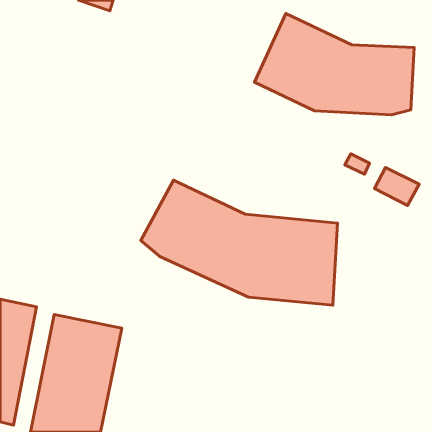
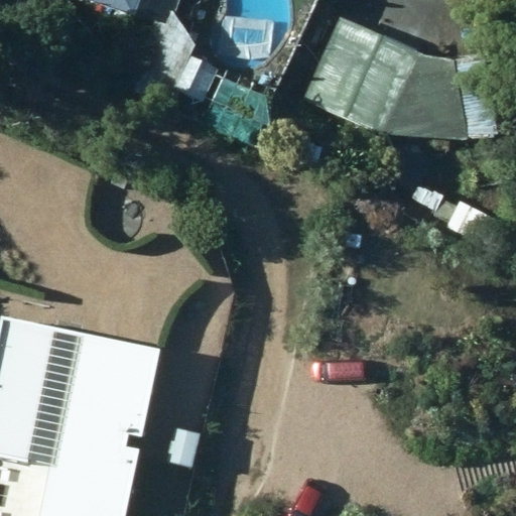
building: [141,180,337,305] -> none

